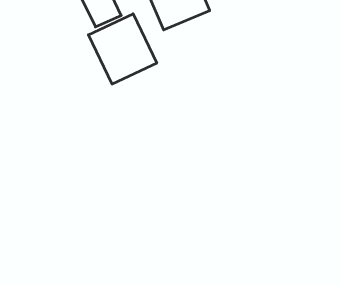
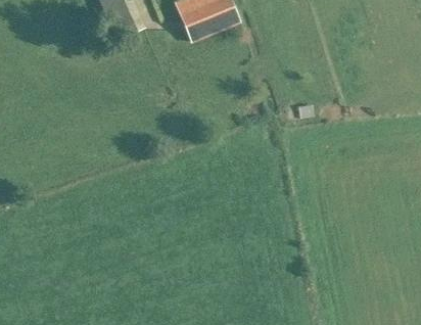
building: [88,14,157,84] -> none

